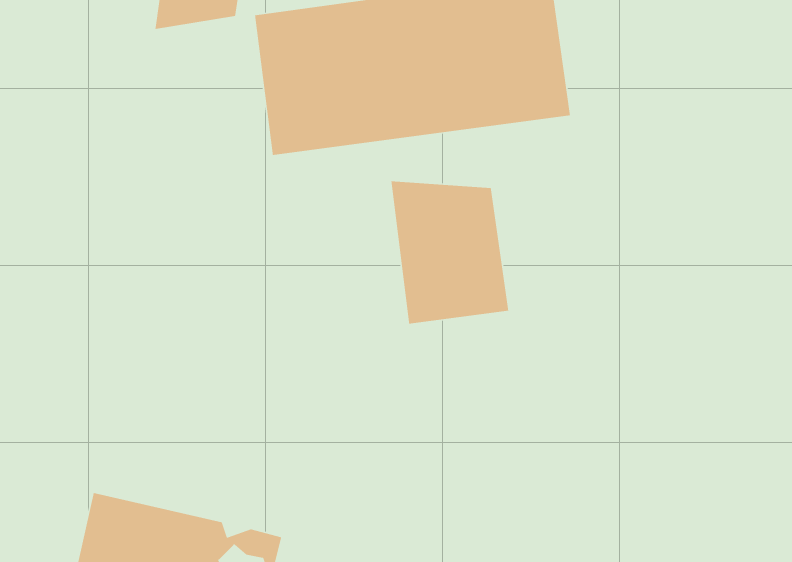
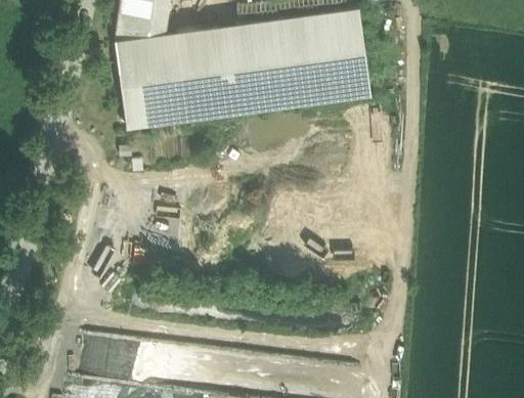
building: none -> [115,35,187,130]
building: [390,181,509,325] -> none

